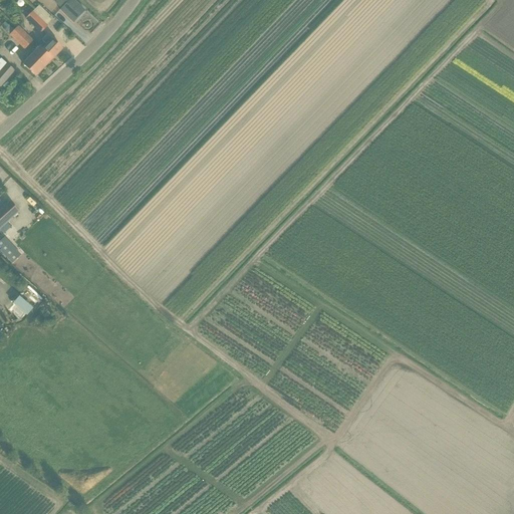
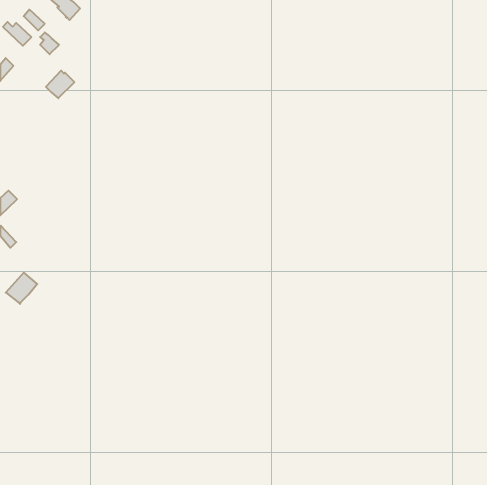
building: [22,45,52,74] -> [46,71,74,98]

